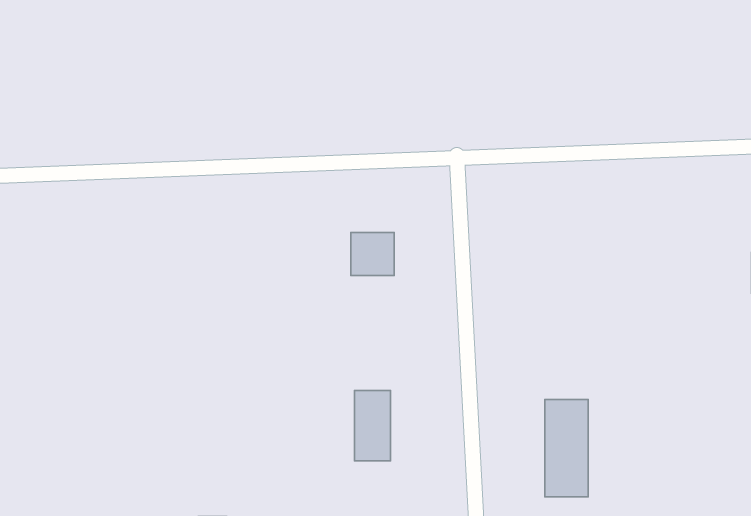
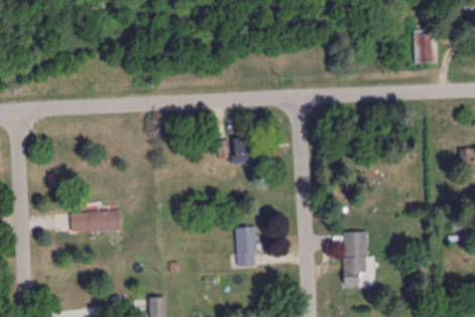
building: none -> [413,31,436,63]
building: none -> [71,211,120,232]

